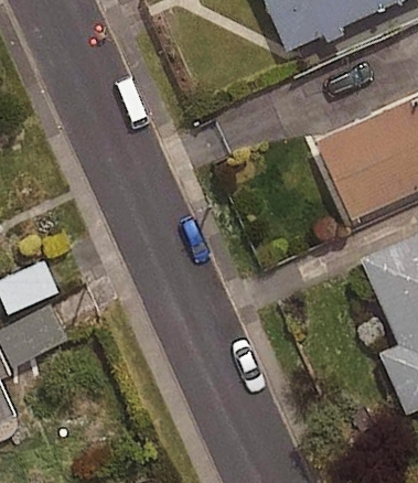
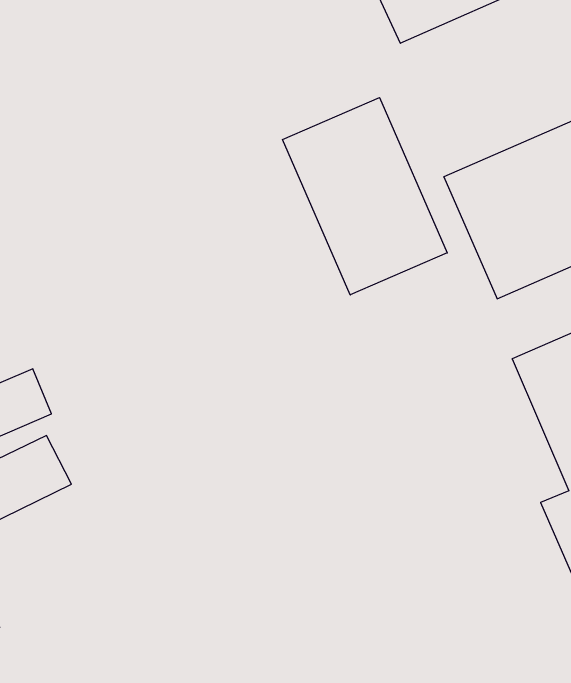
building: none -> [283,98,447,295]

